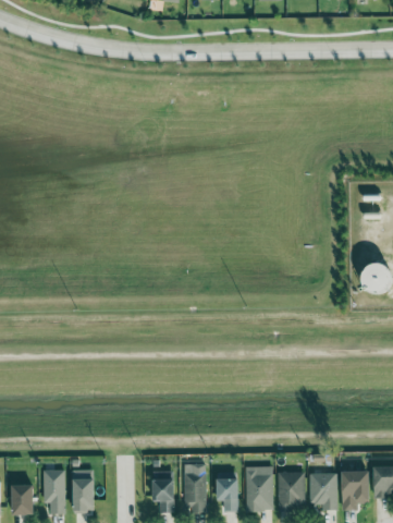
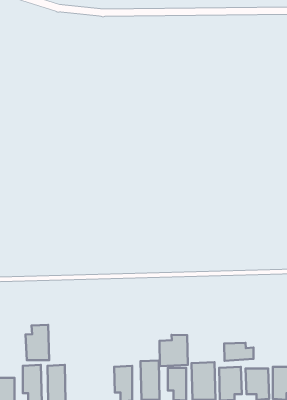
building: none -> [25,325,49,360]
building: none -> [160,335,188,366]
building: none -> [224,343,254,361]

